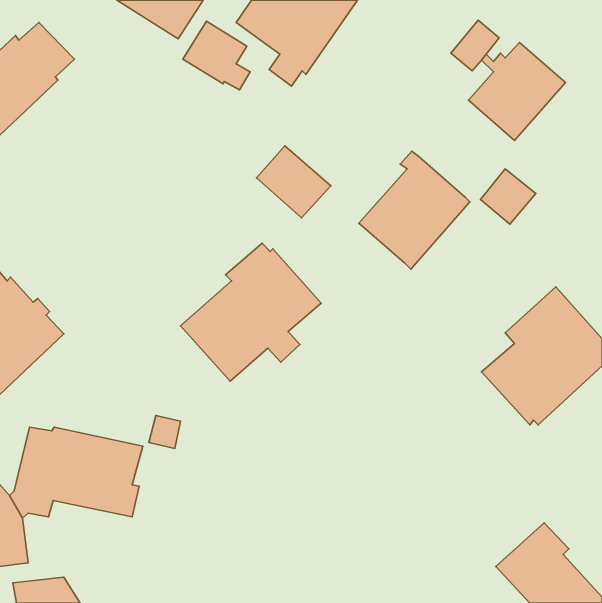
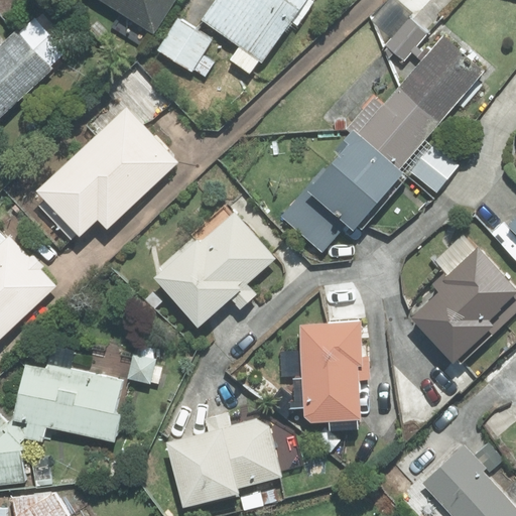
building: none -> [358,86,439,168]
building: none -> [37,108,176,235]
building: [257,146,331,218] -> [282,190,346,252]
building: none -> [299,321,370,421]
building: none -> [166,413,281,508]

